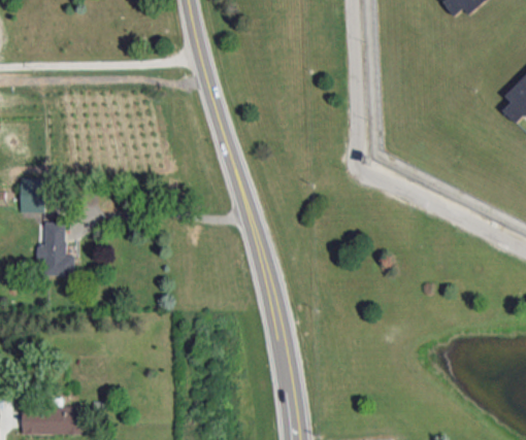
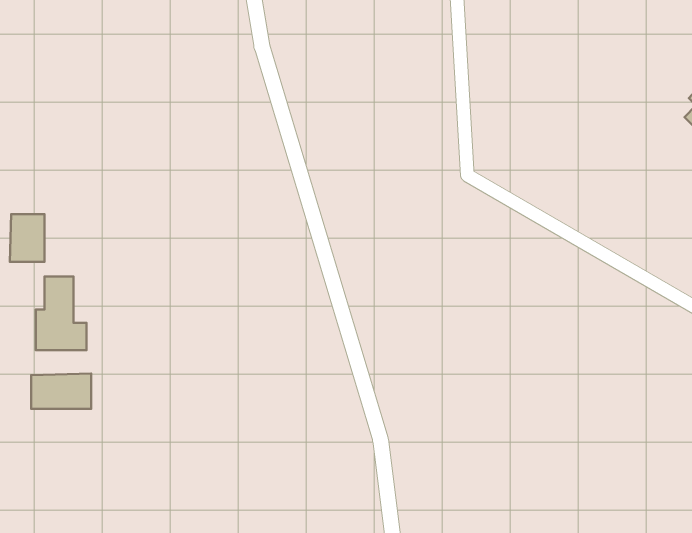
building: none -> [31,374,91,409]

